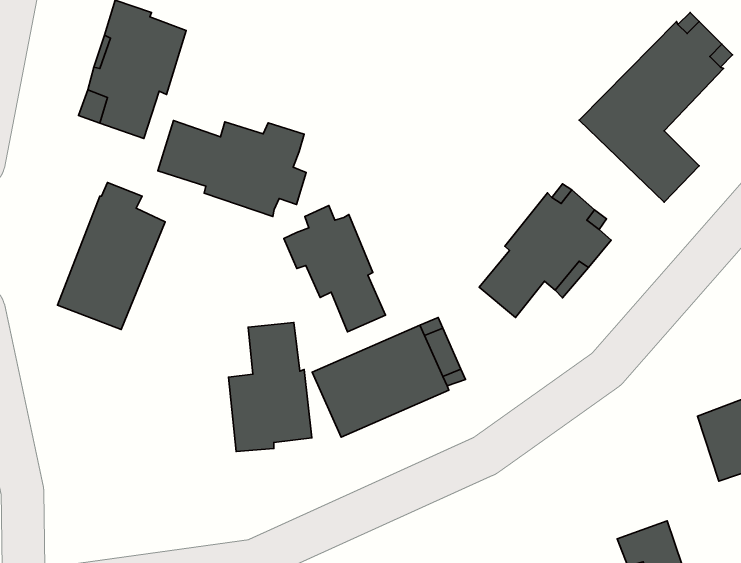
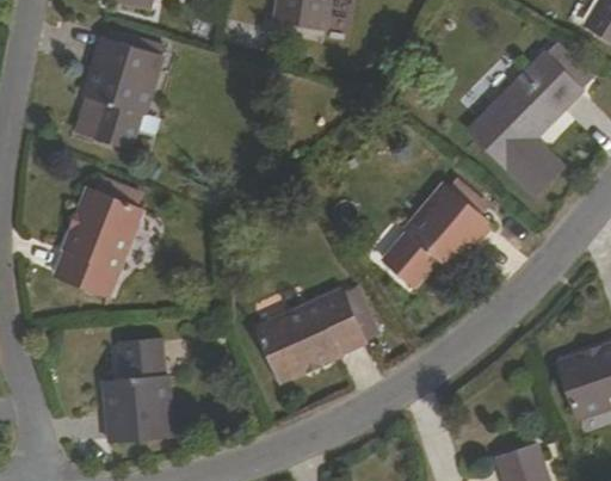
building: [158,121,306,216] -> none
building: [284,205,385,332] -> none
building: [228,323,312,452] -> [104,340,169,442]

